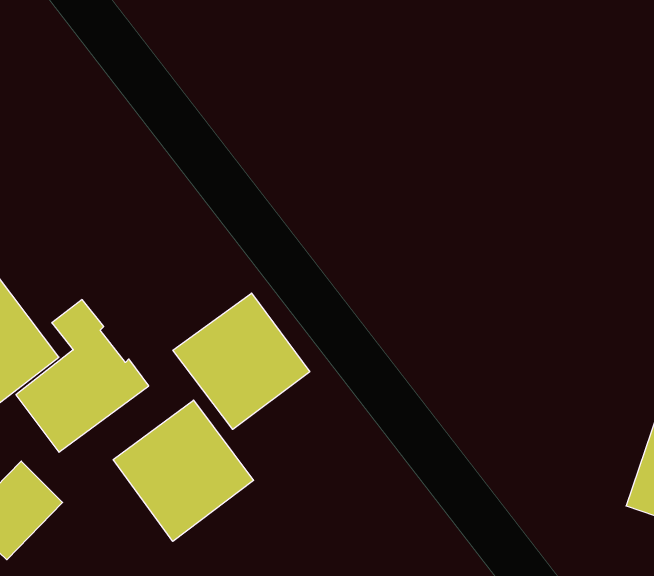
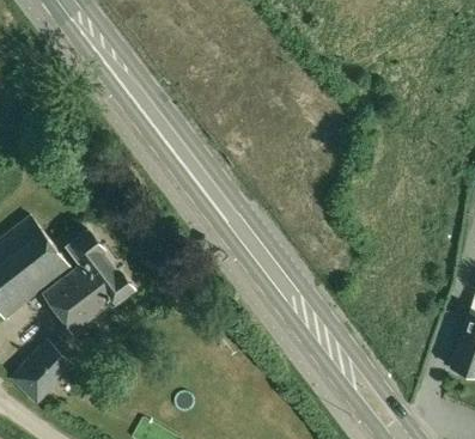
building: [173,293,310,429] -> none
building: [113,400,254,541] -> none

